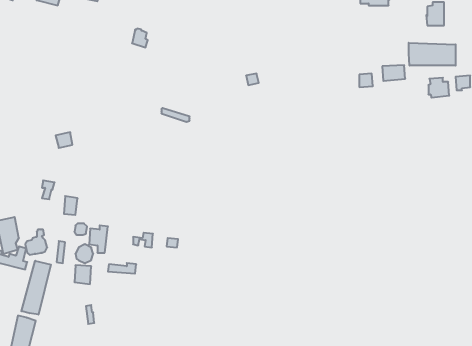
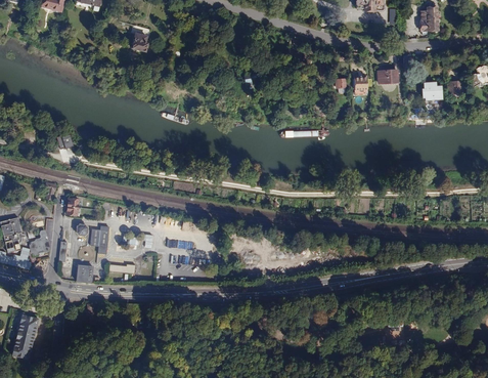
building: [409,43,456,66] -> none
building: [21,261,51,315] -> none

